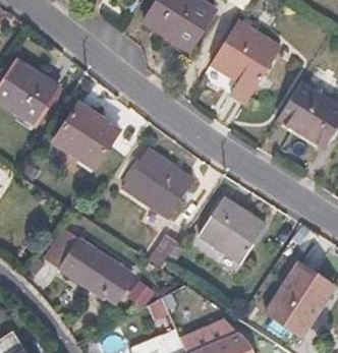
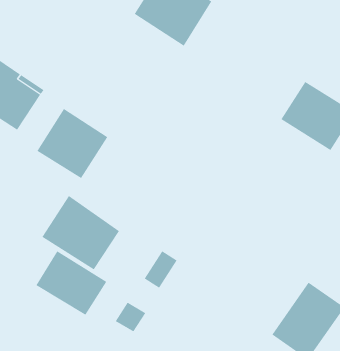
building: [209,19,279,102] -> none
building: [123,151,194,219] -> [42,195,120,270]
building: [202,200,267,264] -> none

